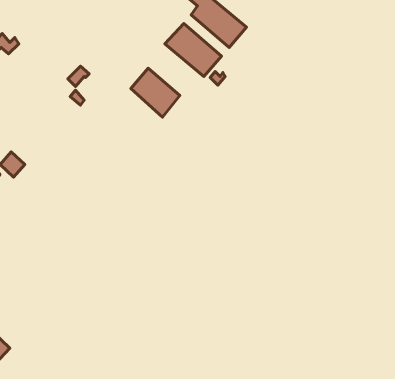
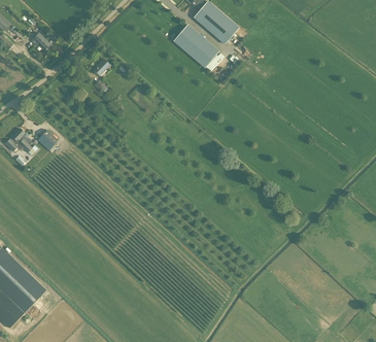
building: [131,68,180,117] -> none

